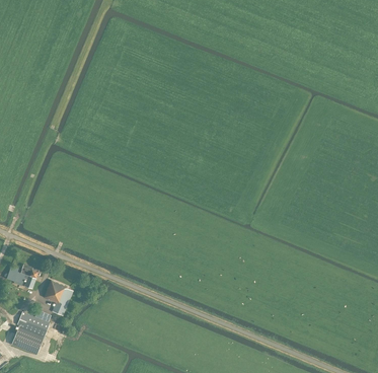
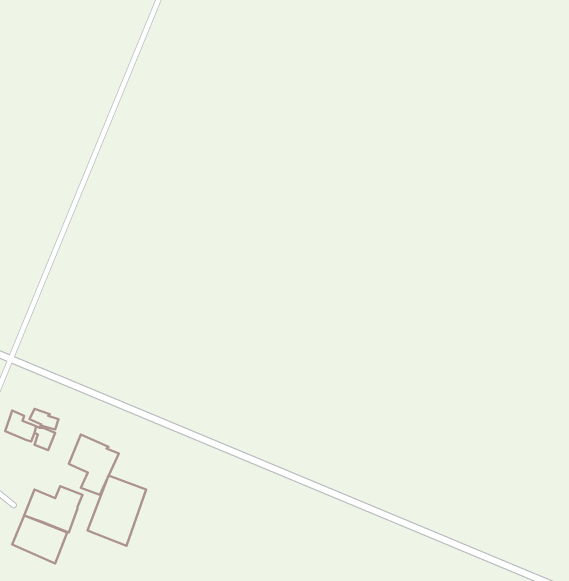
building: none -> [87,475,146,546]

